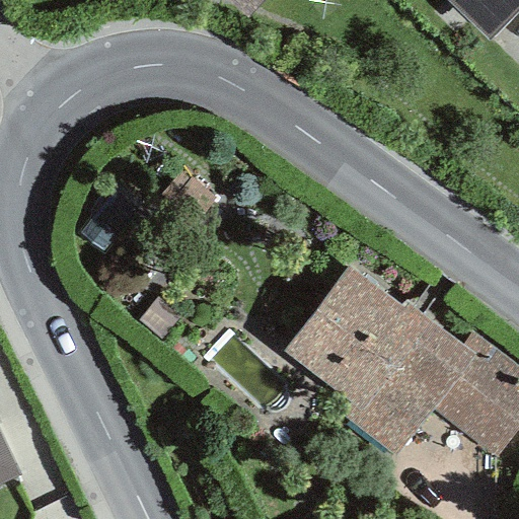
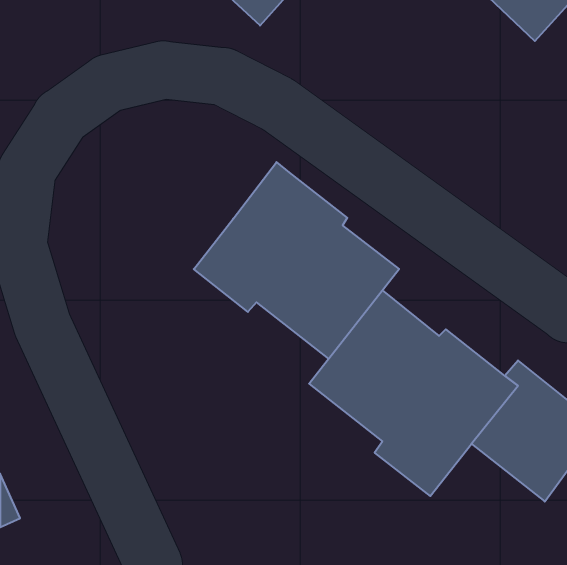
building: none -> [194,162,399,359]

